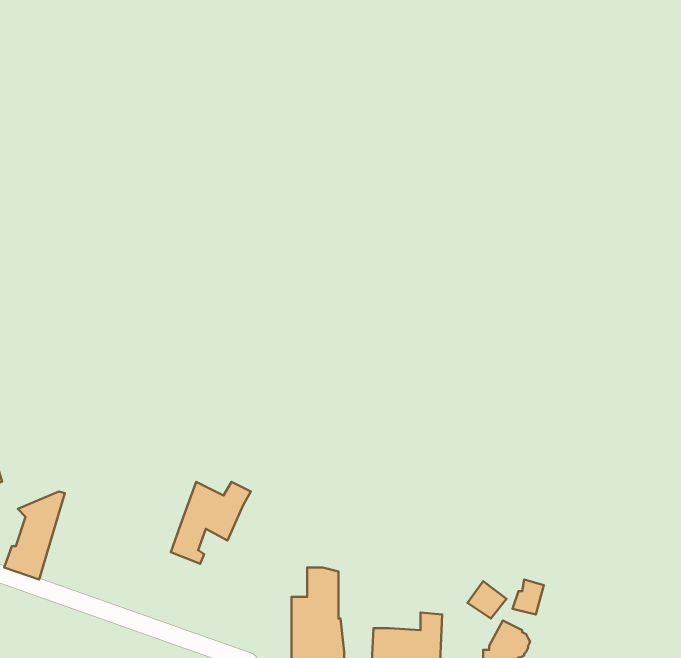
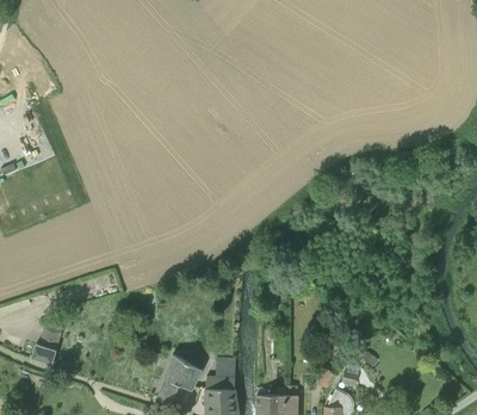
building: [171,482,251,564] -> [157,354,206,404]

